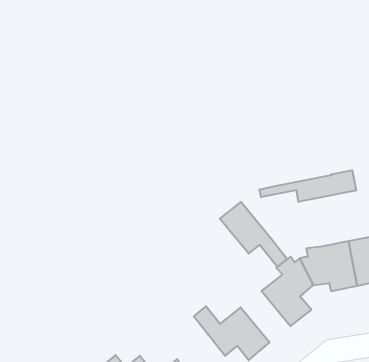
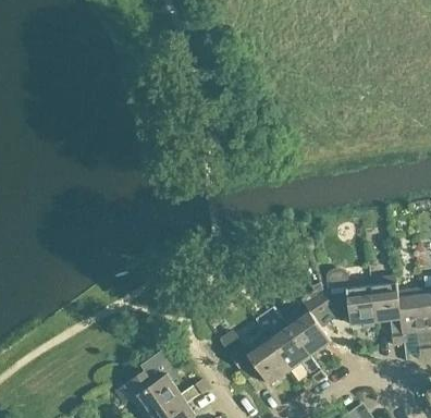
building: [259,170,356,202] -> none
building: [220,202,287,267] -> [267,321,328,384]

